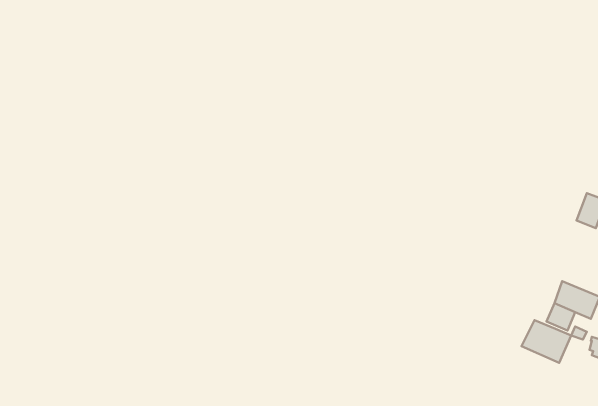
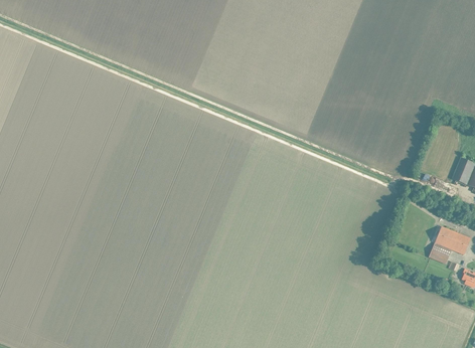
building: [522,320,571,363] -> none

